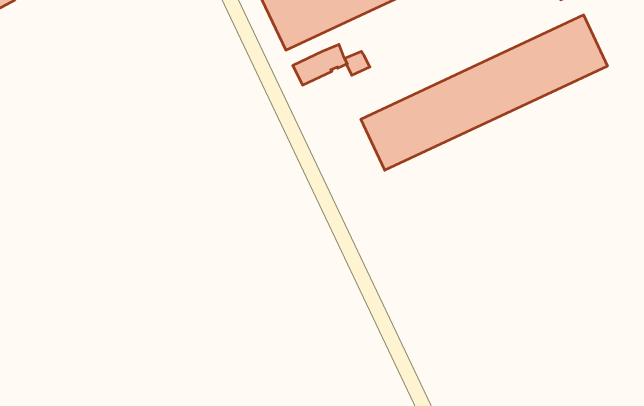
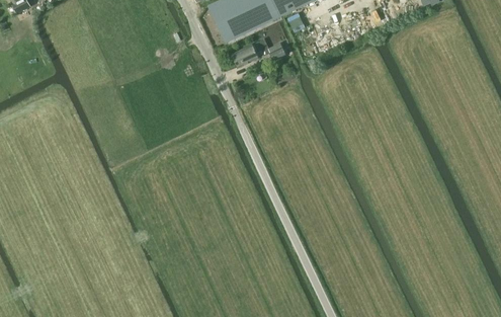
building: [361,15,607,170] -> none

